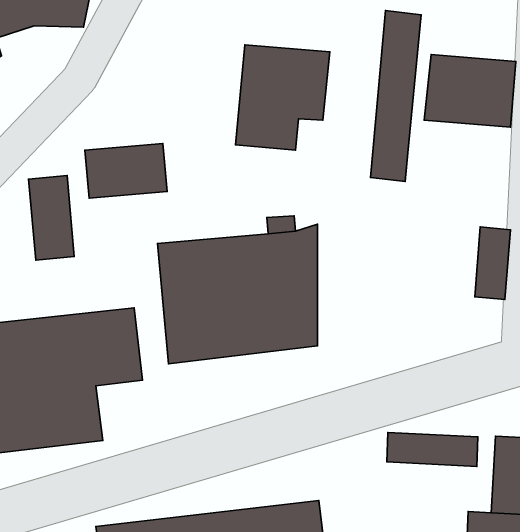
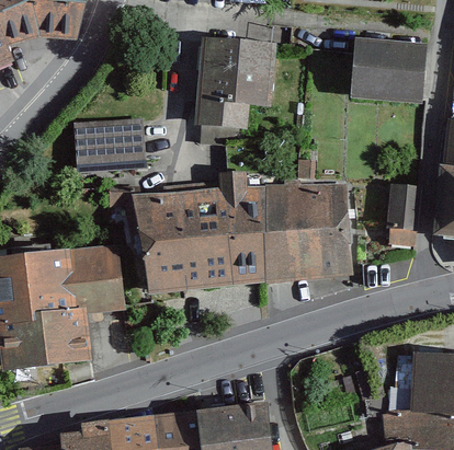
building: [371,11,421,182] -> none
building: [29,175,74,260] -> none
building: none -> [262,183,349,280]
building: [387,432,478,466] -> none

